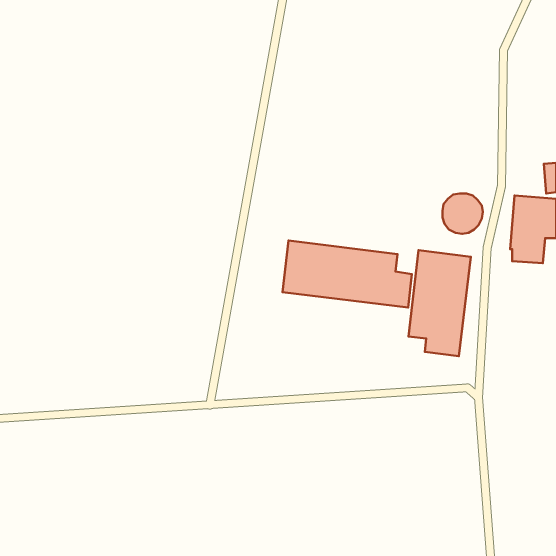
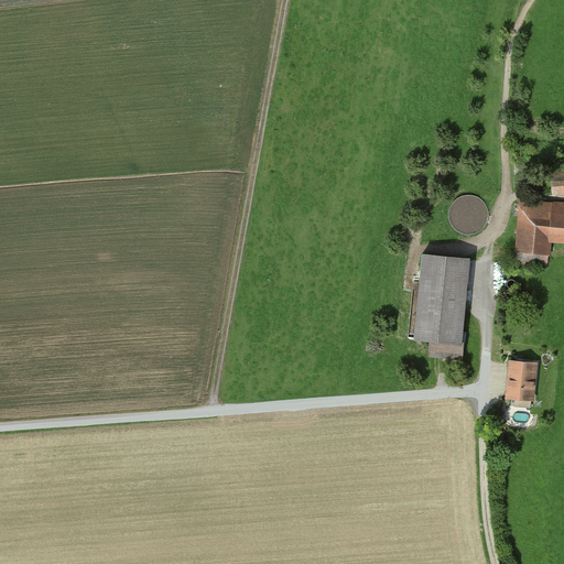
building: [283,241,412,307] -> none
building: none -> [506,360,536,401]

